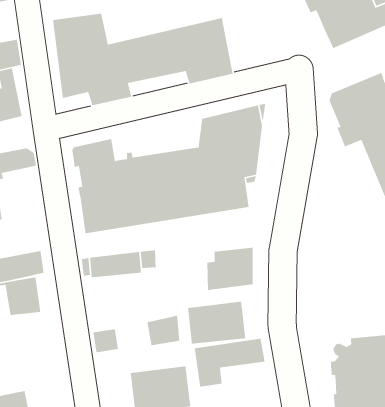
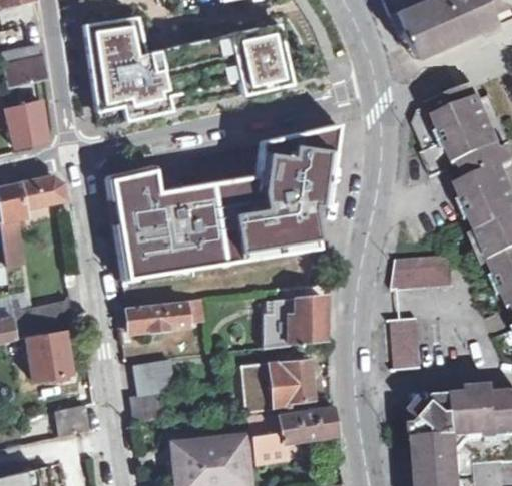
building: none -> [393,256,451,291]
building: none -> [389,319,420,369]
building: [146,315,180,346] -> [135,357,175,394]
building: none -> [56,405,89,435]

